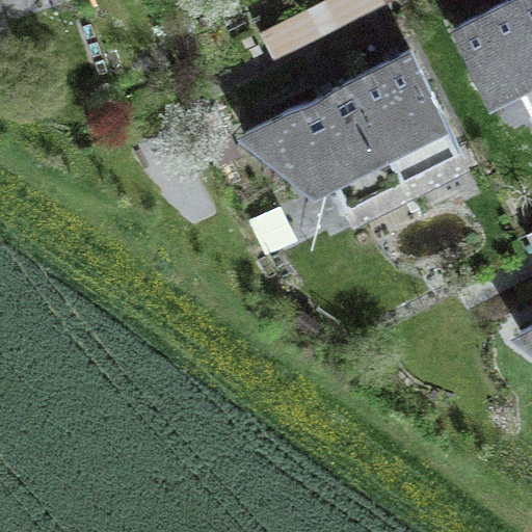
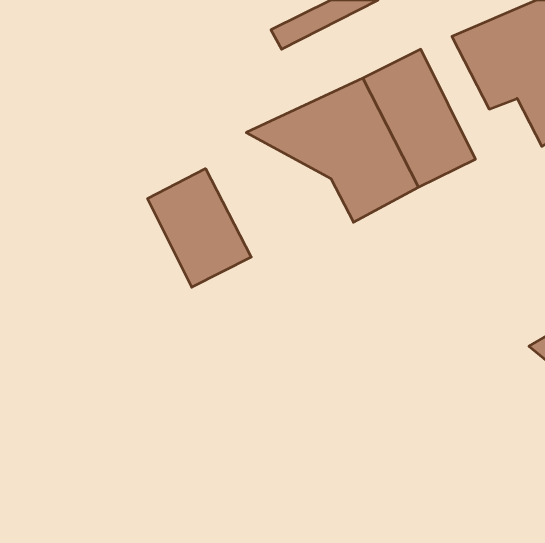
building: none -> [148,169,251,287]

